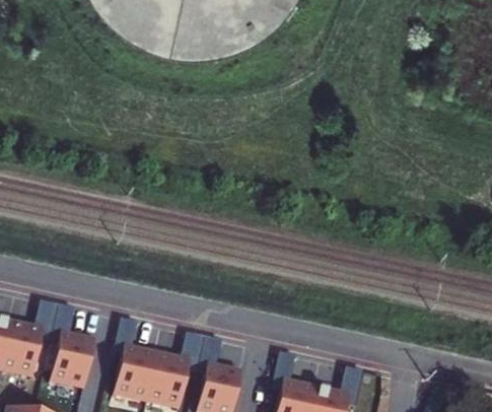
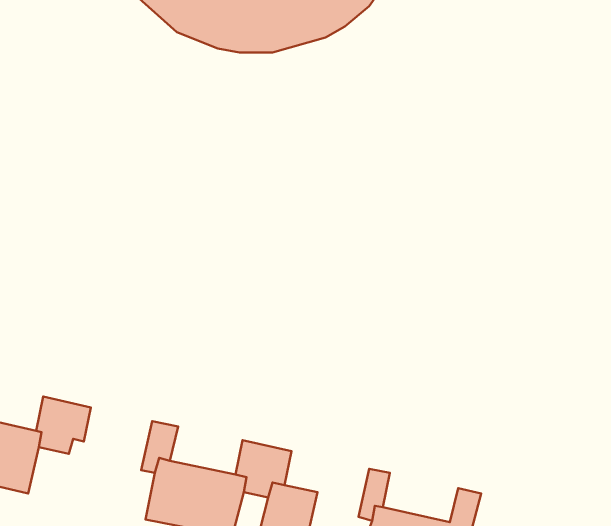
building: [50,342,93,396] -> none

